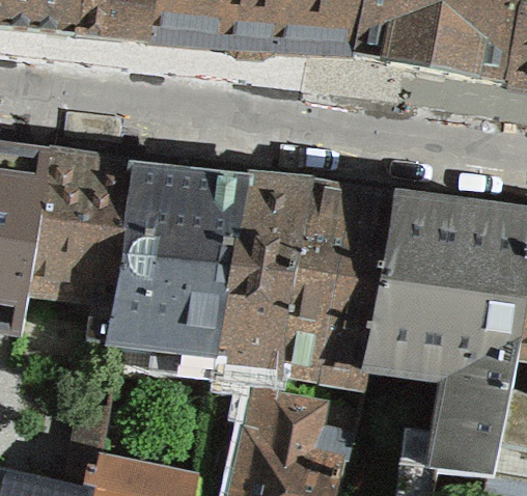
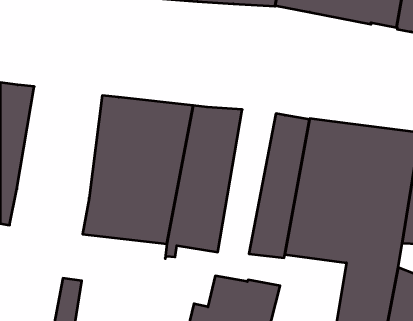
building: [22,155,130,296] -> none
building: [276,184,350,373] -> none

